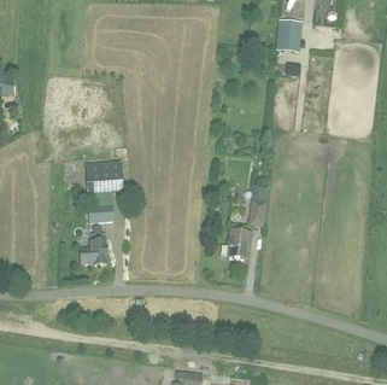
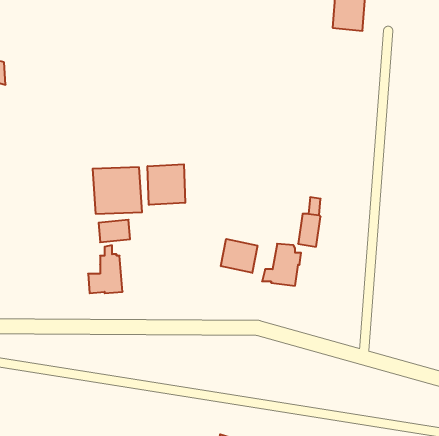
building: none -> [148,164,185,205]
building: none -> [221,239,257,273]

